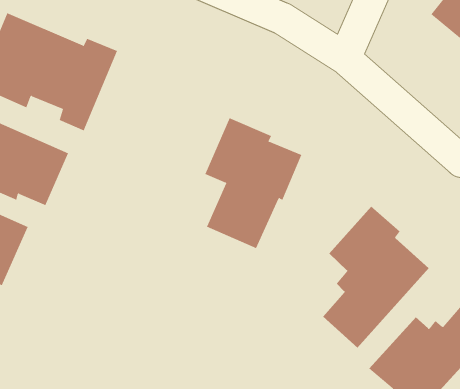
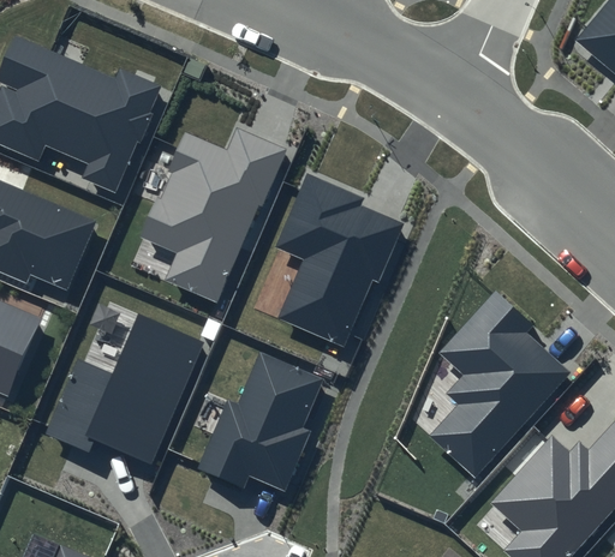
building: none -> [141,127,285,304]
building: none -> [46,315,203,463]
building: none -> [198,352,323,490]

